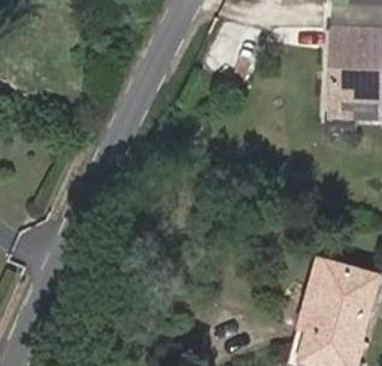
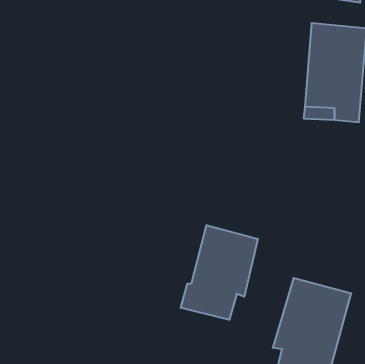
building: none -> [181,225,258,320]

